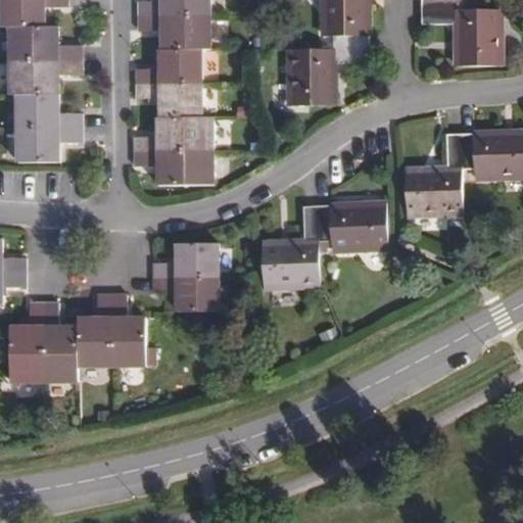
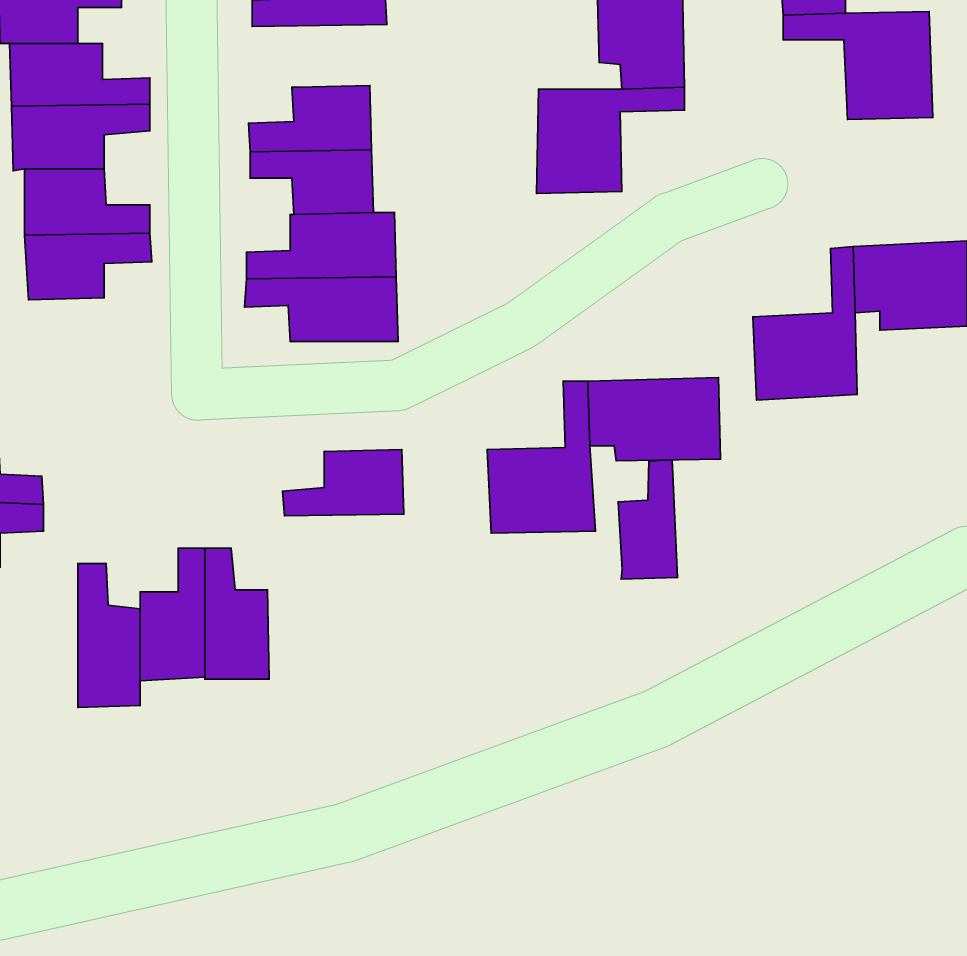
building: [136,13,209,47] -> none
building: none -> [618,460,677,579]
building: [153,277,219,310] -> none
building: [7,303,42,381] -> none

